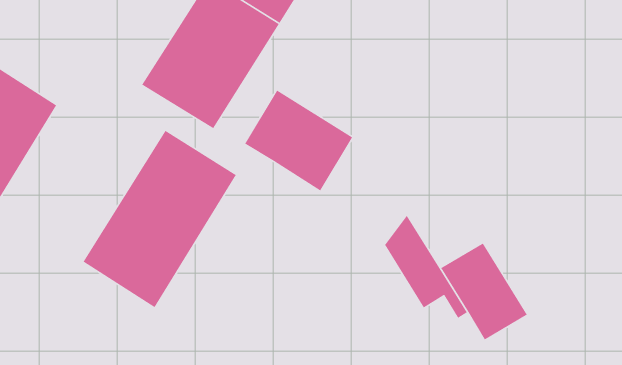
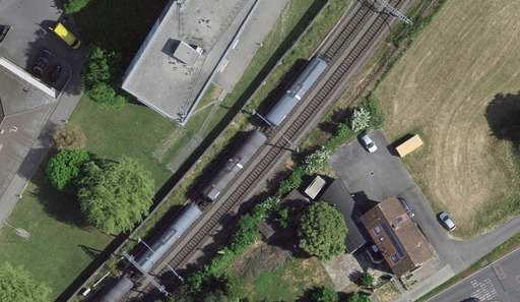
building: [244,89,353,192] -> none
building: [82,130,237,308] -> none

